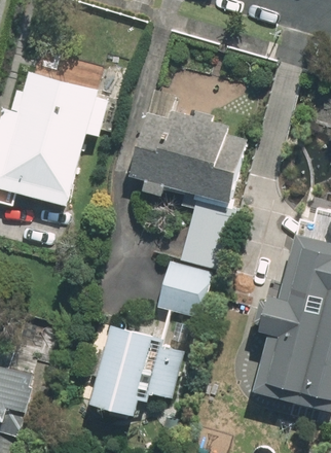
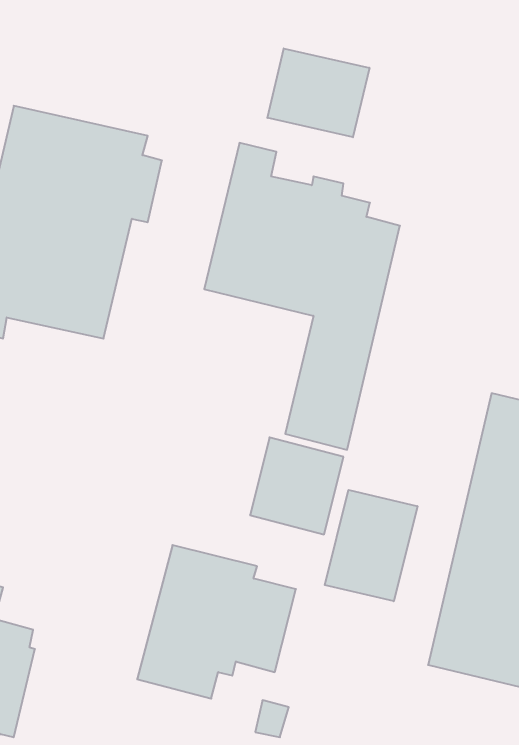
building: none -> [267,48,369,137]
building: none -> [325,490,417,601]

